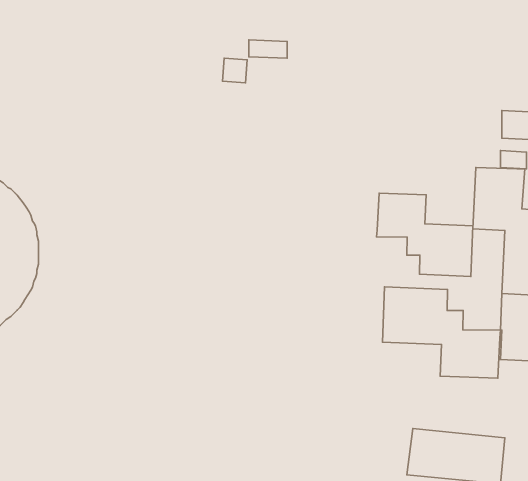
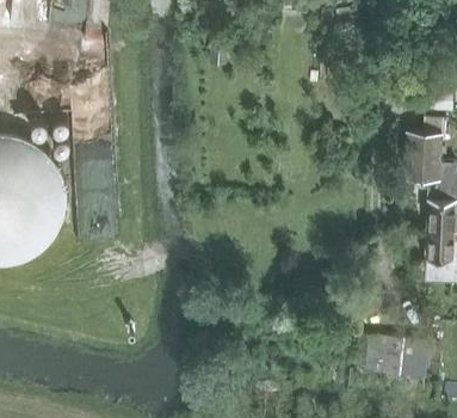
building: [377,193,473,277] -> none
building: [383,287,500,378] -> none

